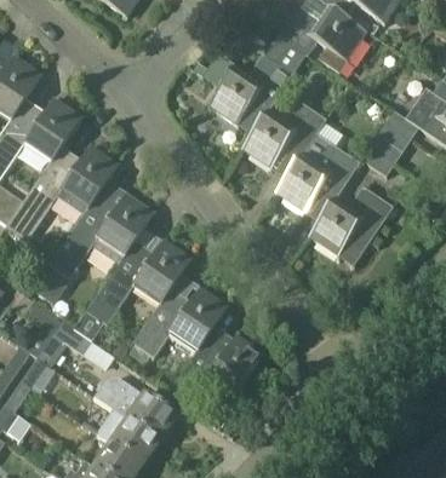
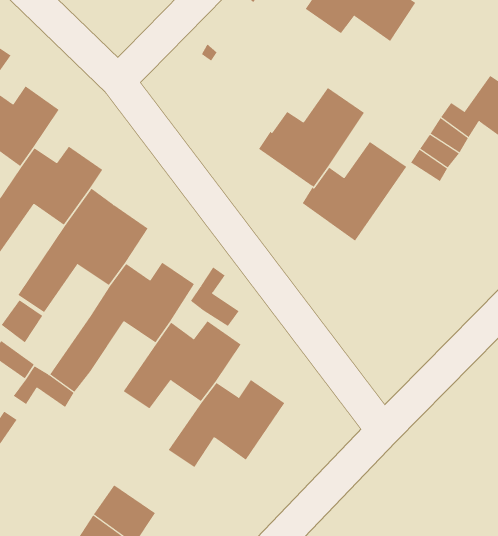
building: [208,33,307,133] -> none
building: [310,184,394,264] -> none
building: none -> [190,266,240,327]
building: [96,379,175,439] -> none

